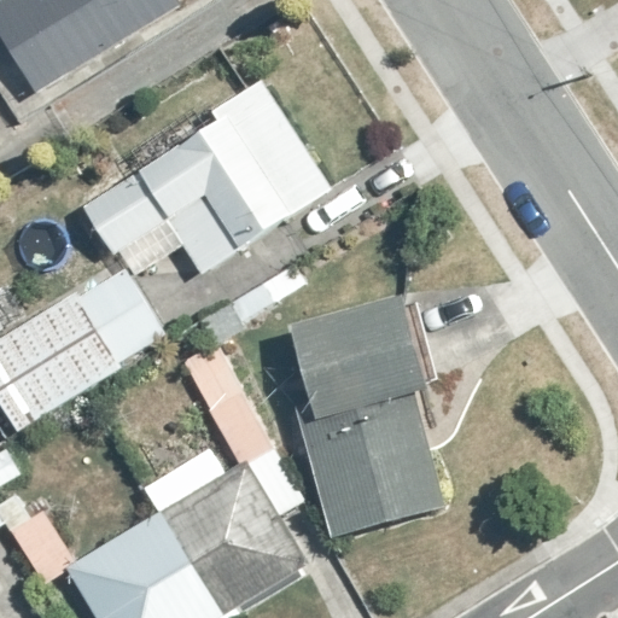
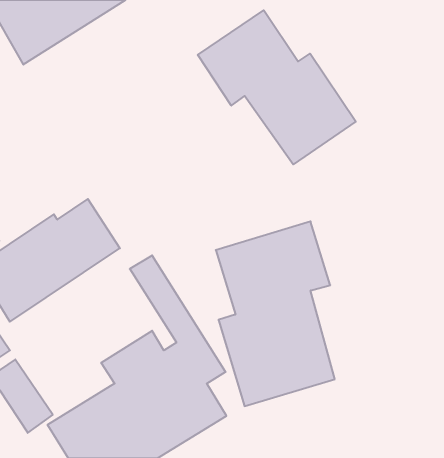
building: none -> [198,10,356,164]
building: [83,78,339,292] -> none

